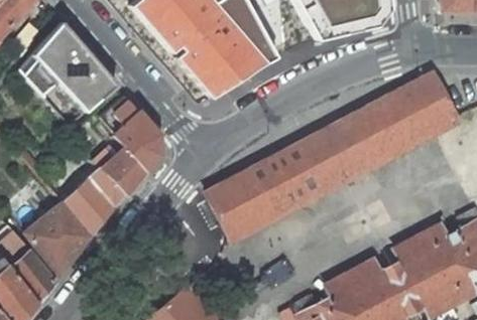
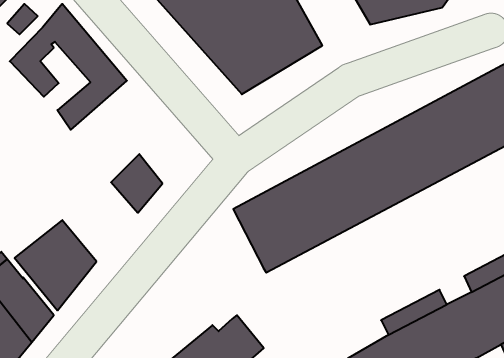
building: [107,96,160,171] -> none
building: [64,166,126,235] -> none

